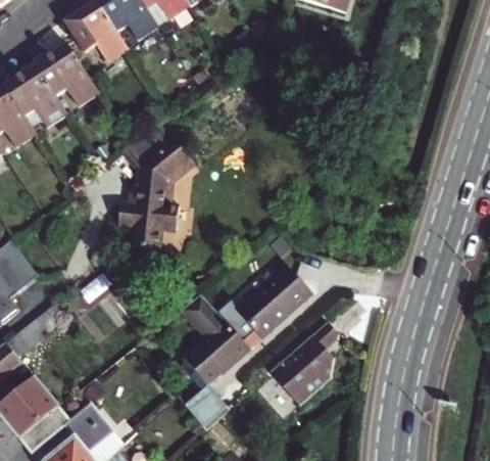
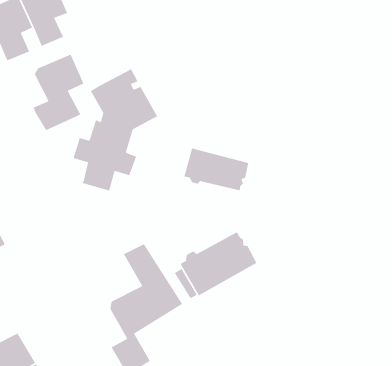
building: none -> [32,54,84,131]
building: none -> [184,148,249,191]
building: [278,317,345,398] -> none

